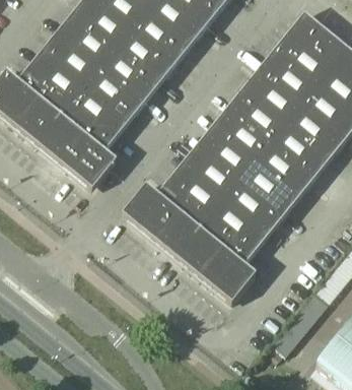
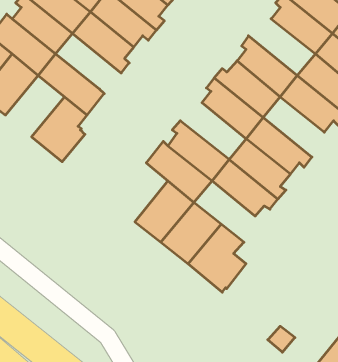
building: [257,54,316,105] -> none
building: [84,67,143,117] -> none
building: [40,105,92,159] -> none
building: [270,124,325,178] -> none
building: [196,129,255,180] -> none
building: [128,183,185,236] -> none
building: [208,199,268,254] -> none

